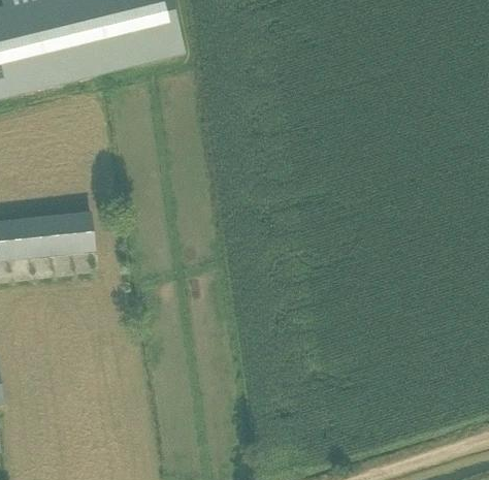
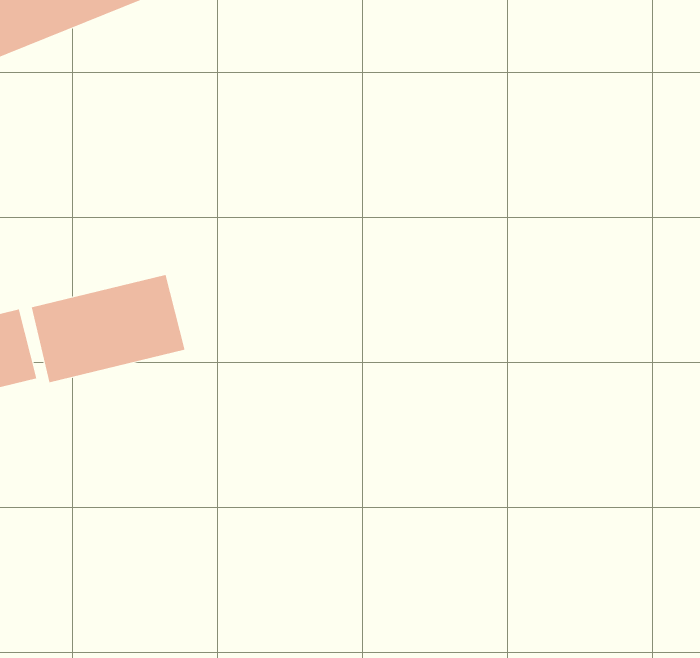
building: none -> [31,274,185,383]

